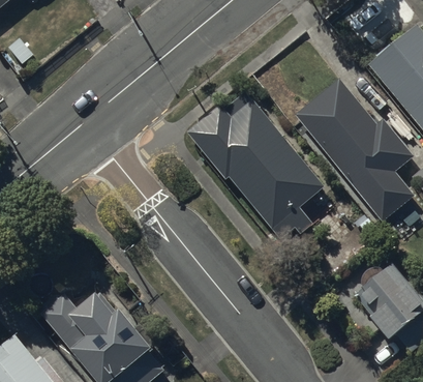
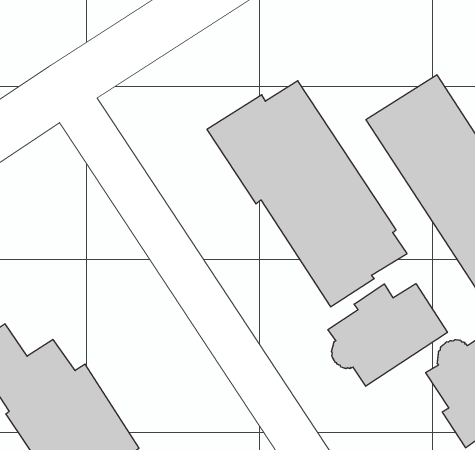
building: none -> [328,284,447,386]

